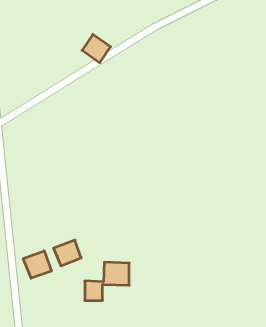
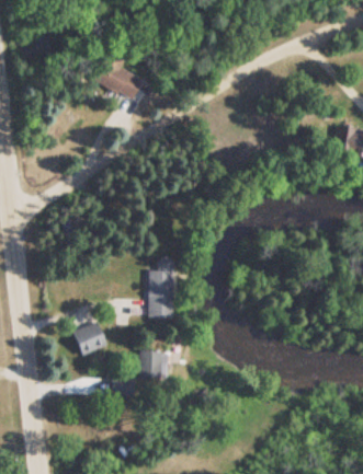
building: none -> [148,259,172,317]
building: [23,251,51,278] -> none

